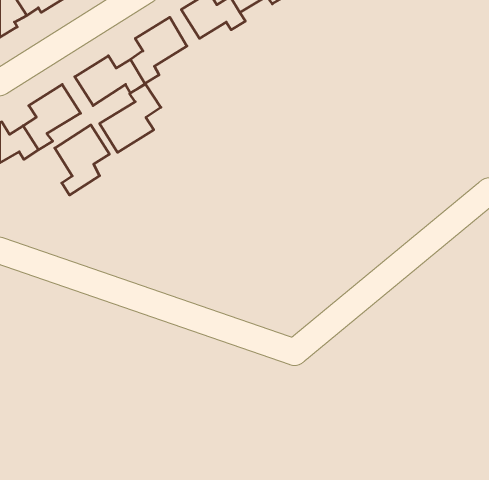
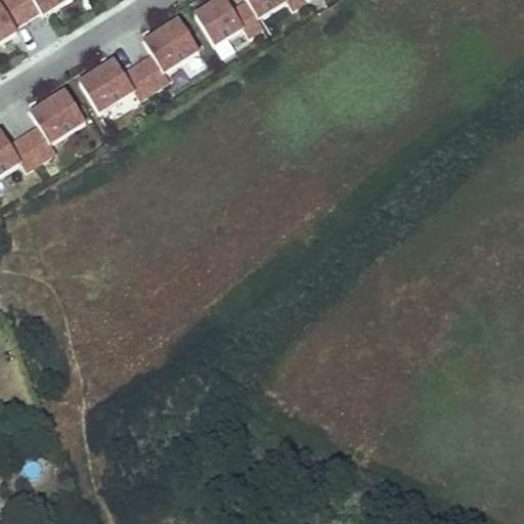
building: [100,84,161,152] -> none
building: [55,125,109,195] -> none

